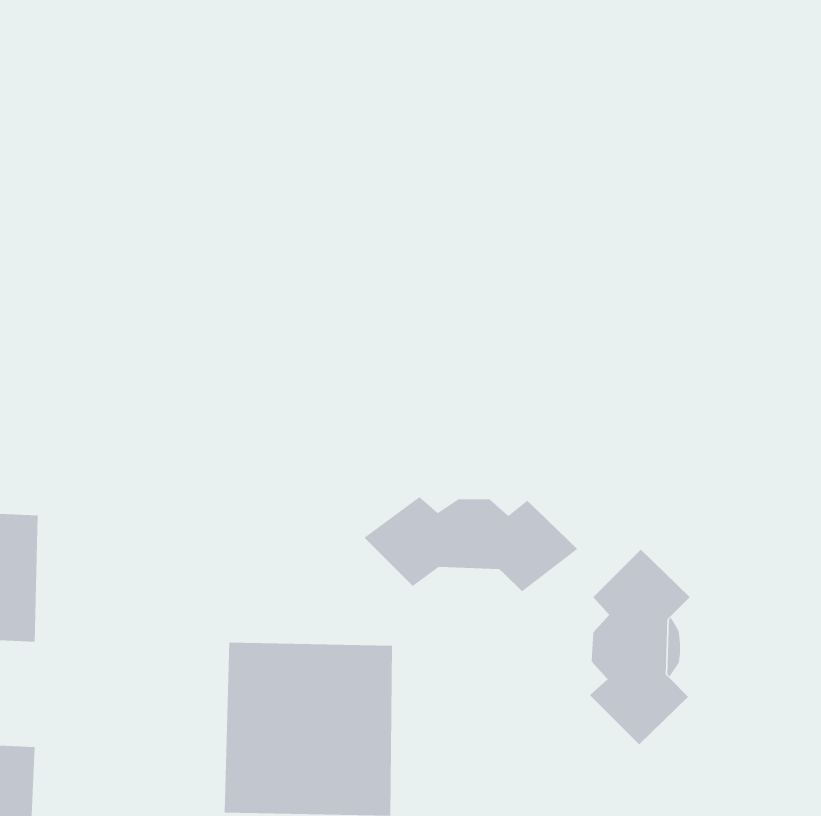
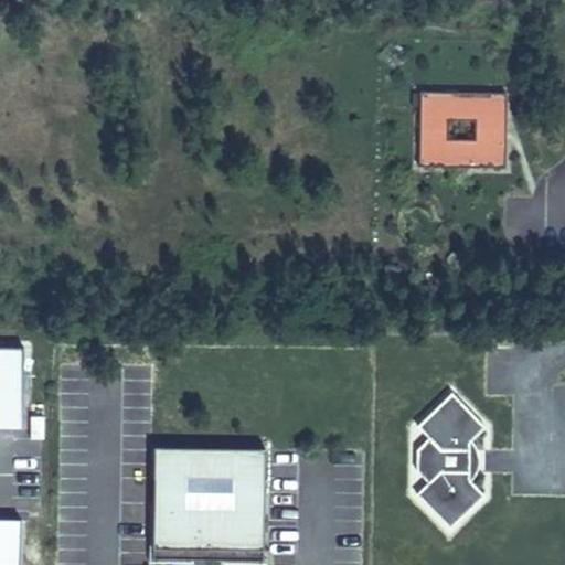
building: none -> [420,100,504,173]
building: [363,496,578,592] -> none

